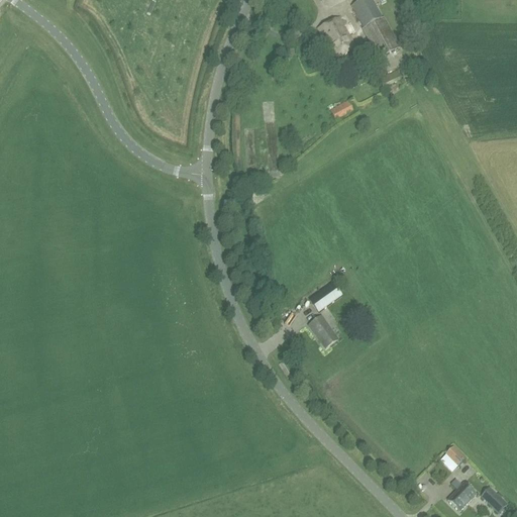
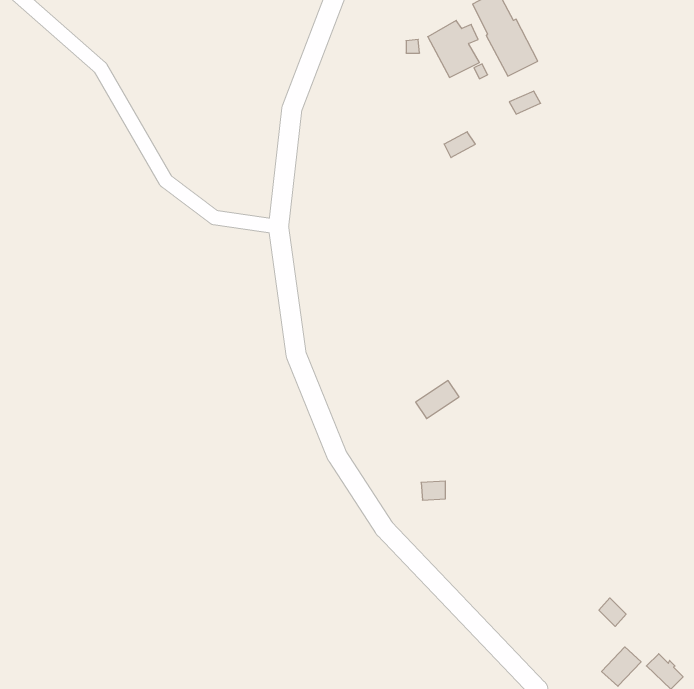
building: [309,315,338,346] -> none

